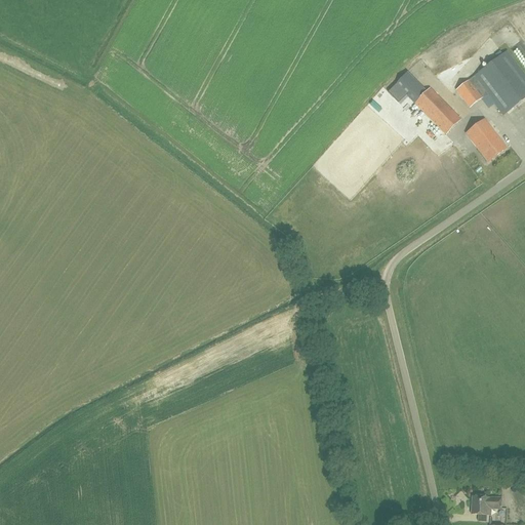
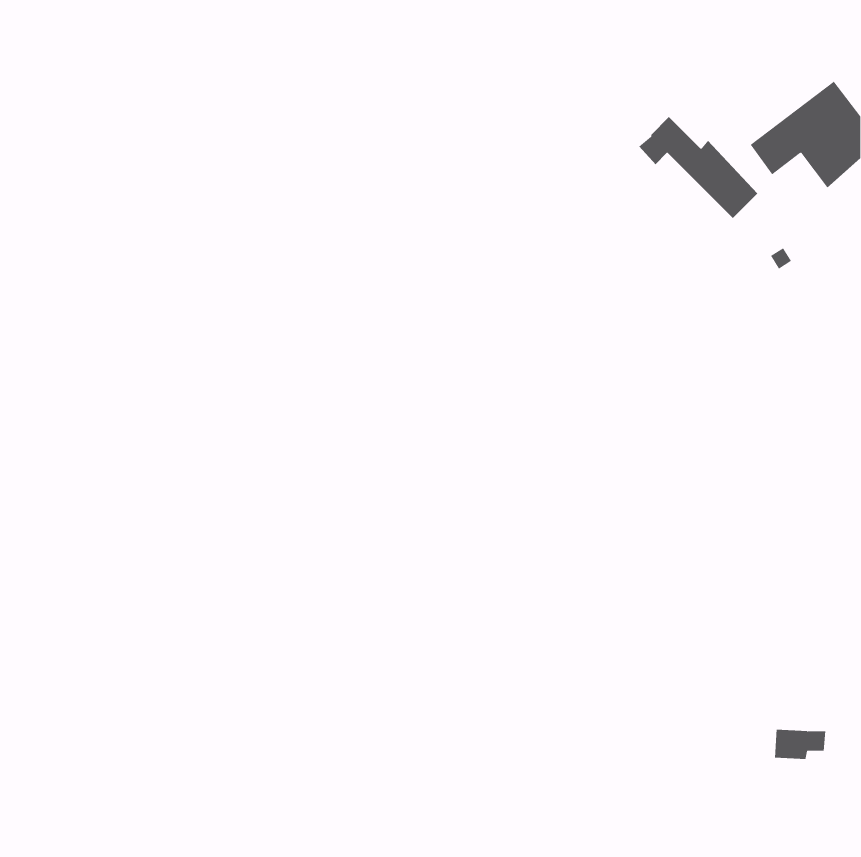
building: [466,118,507,161] -> none
building: [471,495,502,514] -> [774,729,826,760]

